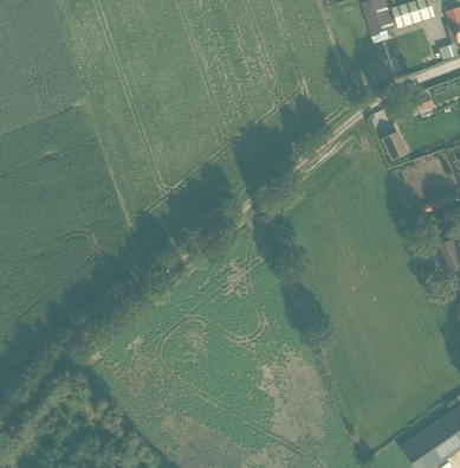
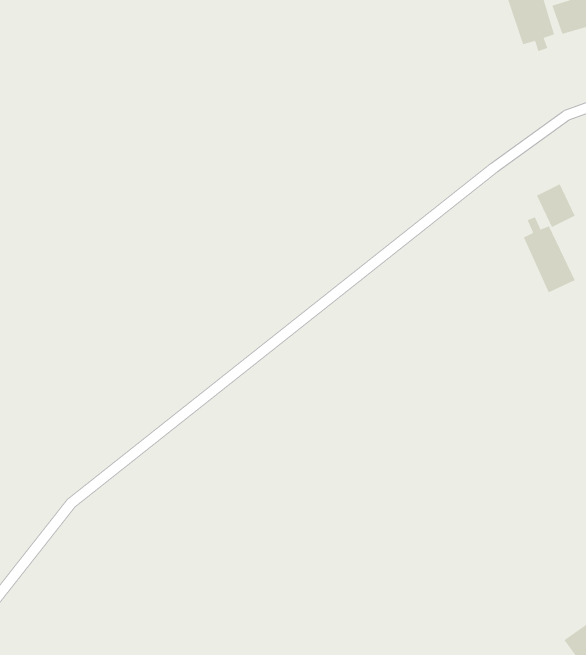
building: none -> [523,216,575,293]

